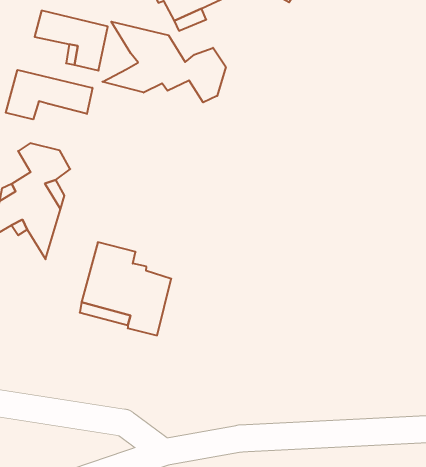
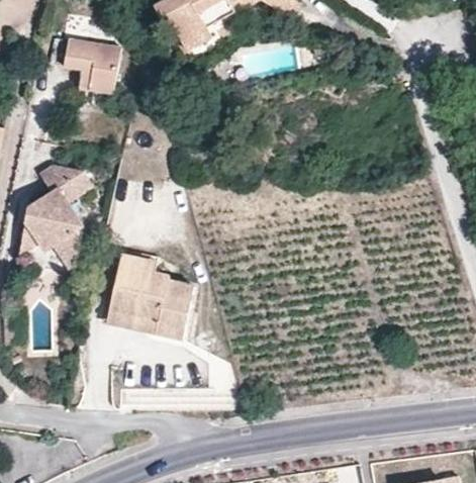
building: [102,22,226,102] -> none
building: [6,70,92,119] -> none

